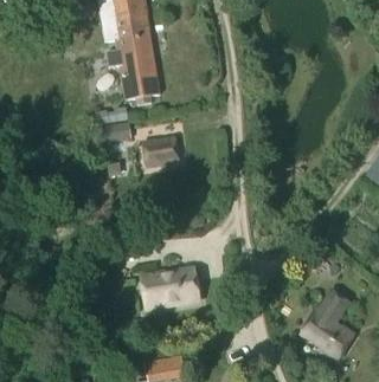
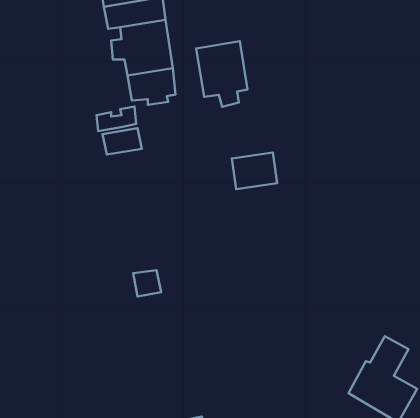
building: none -> [196,41,247,107]
building: [142,136,179,166] -> [232,153,277,189]
building: [136,265,199,312] -> none

